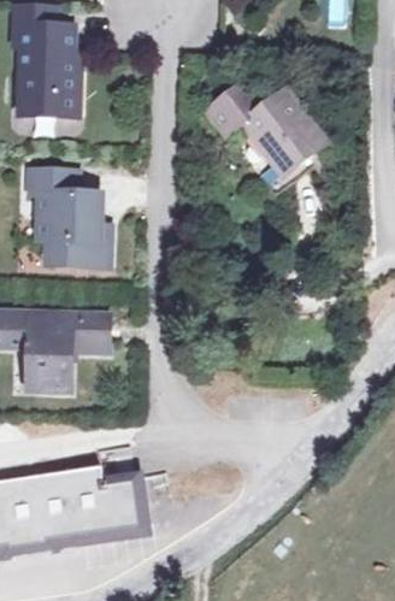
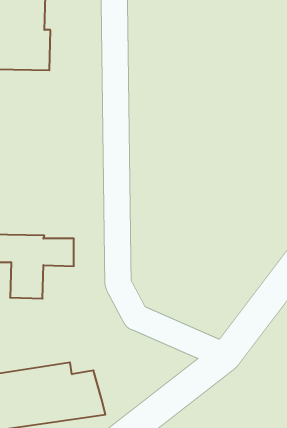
building: [208,73,328,172] -> none
building: [33,171,112,267] -> none

